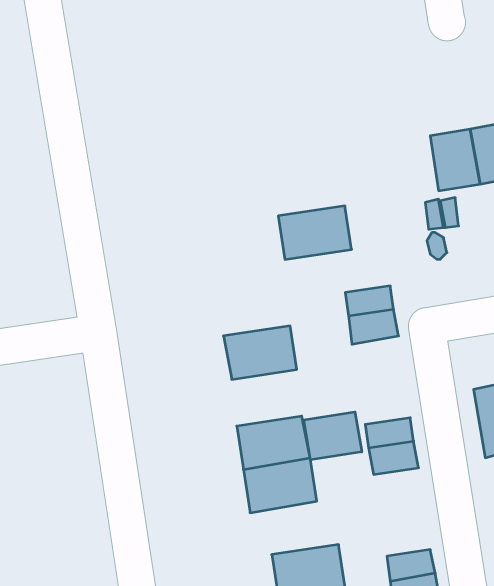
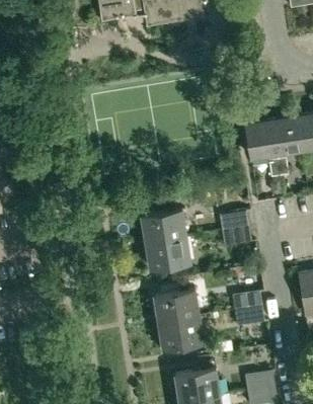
building: none -> [245,120,277,158]
building: [278,206,352,259] -> [142,210,186,242]
building: [304,412,362,460] -> none

